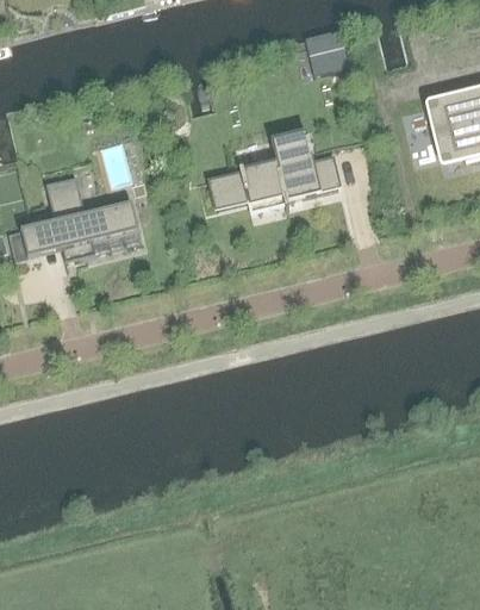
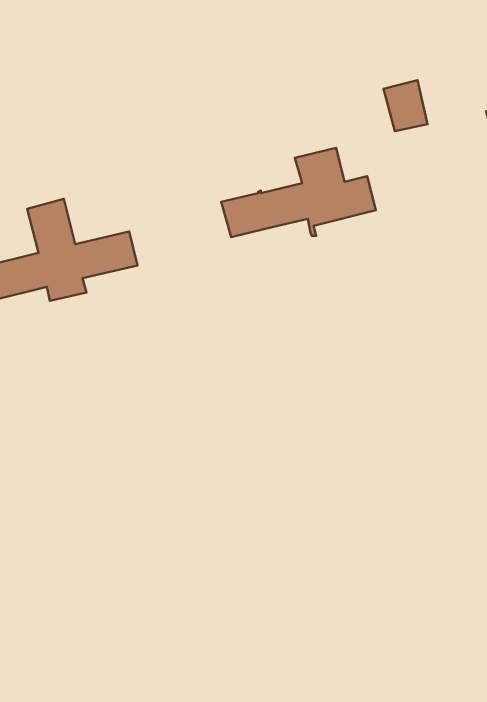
building: [311,29,348,71] -> [384,80,428,131]

